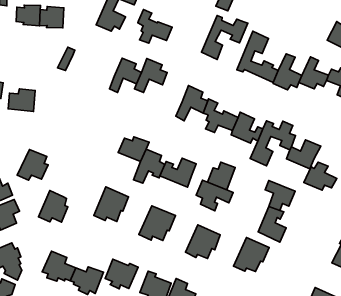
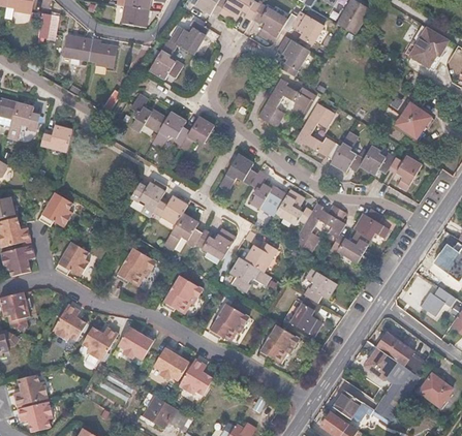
building: [138,10,172,43] -> [131,92,168,129]
building: none -> [132,183,164,217]
building: [304,162,337,190] -> [353,207,390,238]

